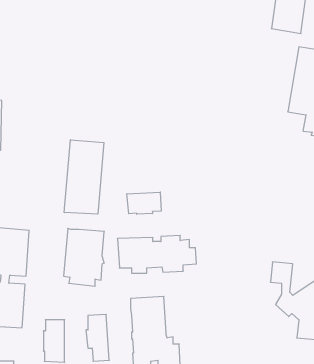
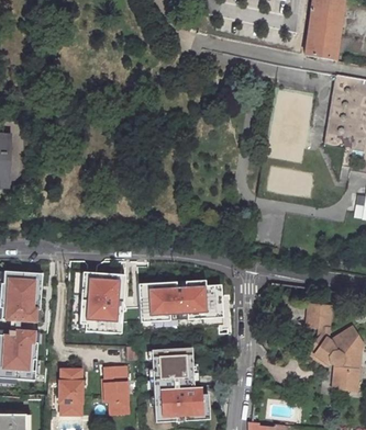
building: [64,140,104,214] -> none
building: [127,192,161,214] -> none

